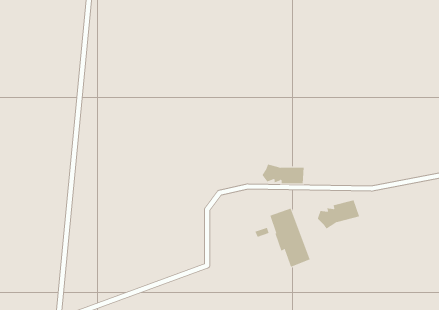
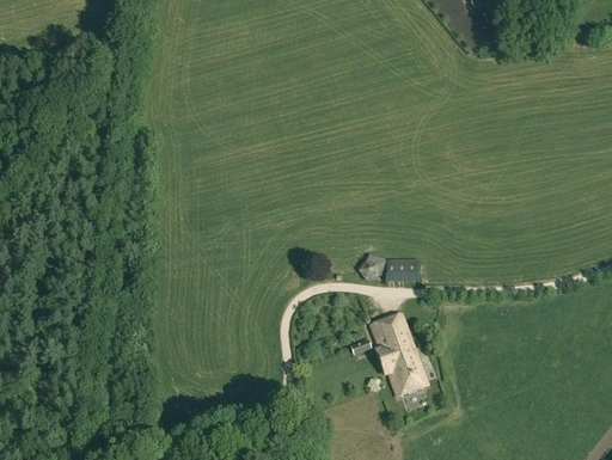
building: [317,199,360,229] -> none

